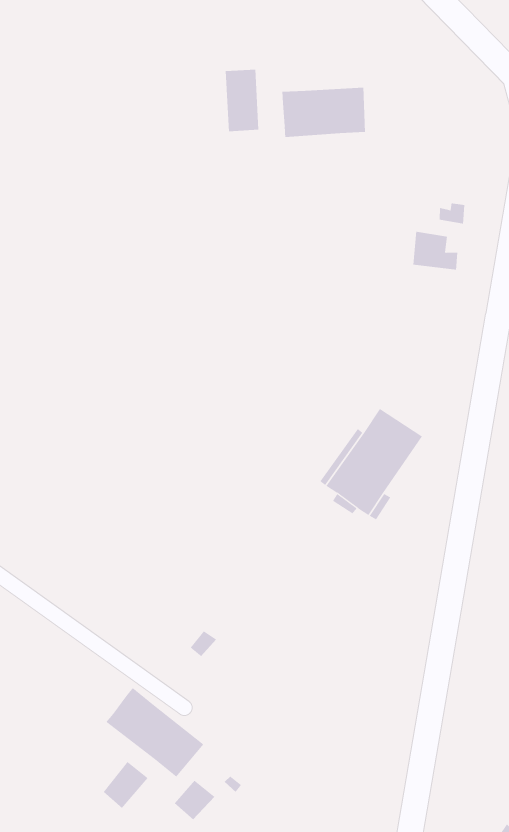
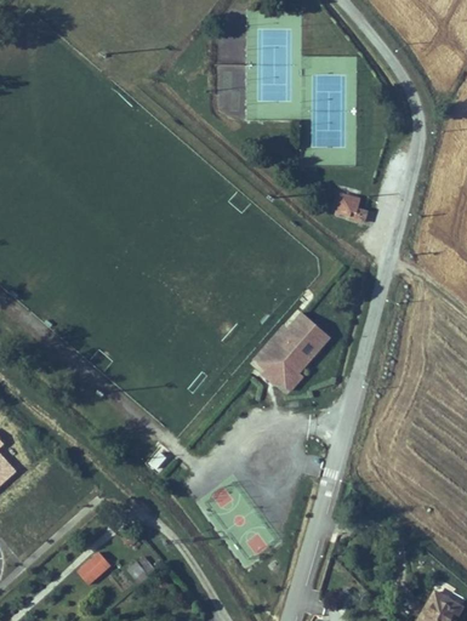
building: [282,87,365,138] -> none
building: [105,687,204,777] -> none

